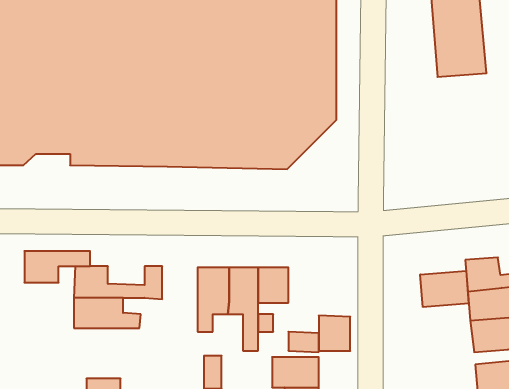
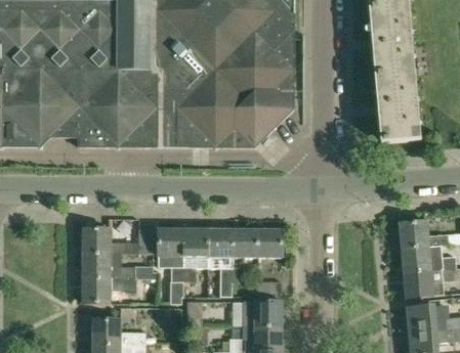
building: none -> [376,72,422,142]
building: [24,251,90,283] -> [81,278,134,304]
building: none -> [157,228,181,281]
building: [420,271,469,307] -> none
building: [319,316,350,351] -> [255,229,281,258]

